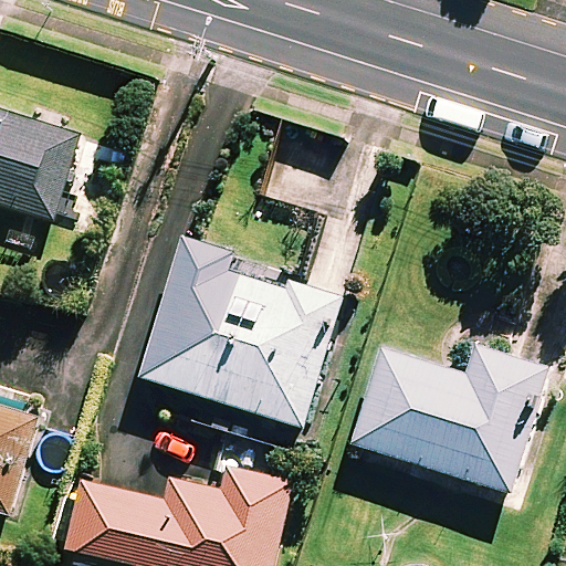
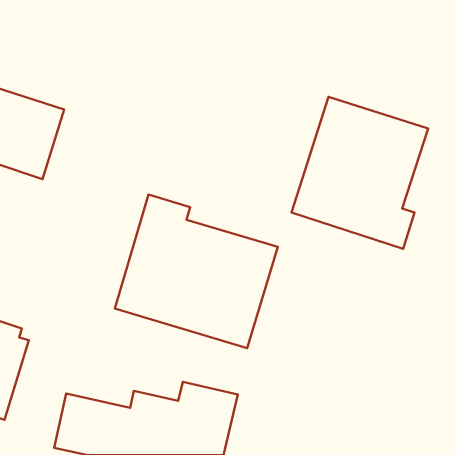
building: none -> [292,97,428,249]
building: [350,346,548,493] -> none

